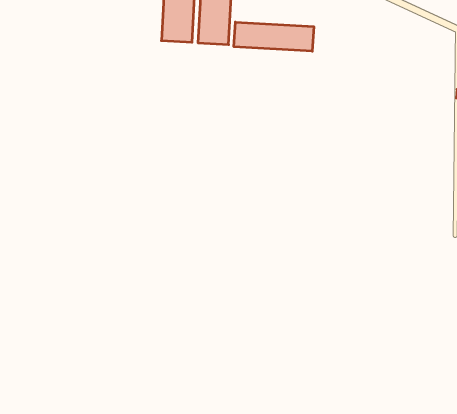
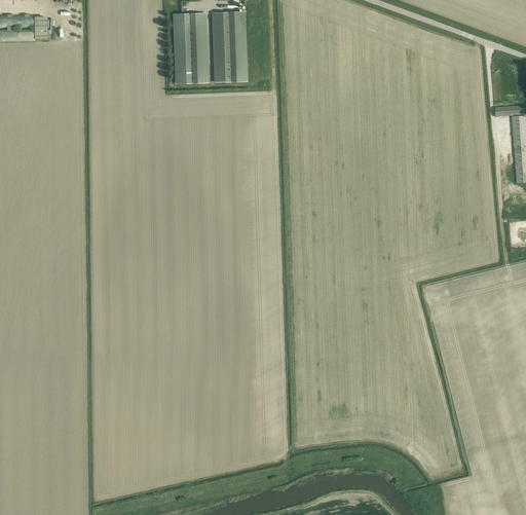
building: [234,22,314,51] -> none

